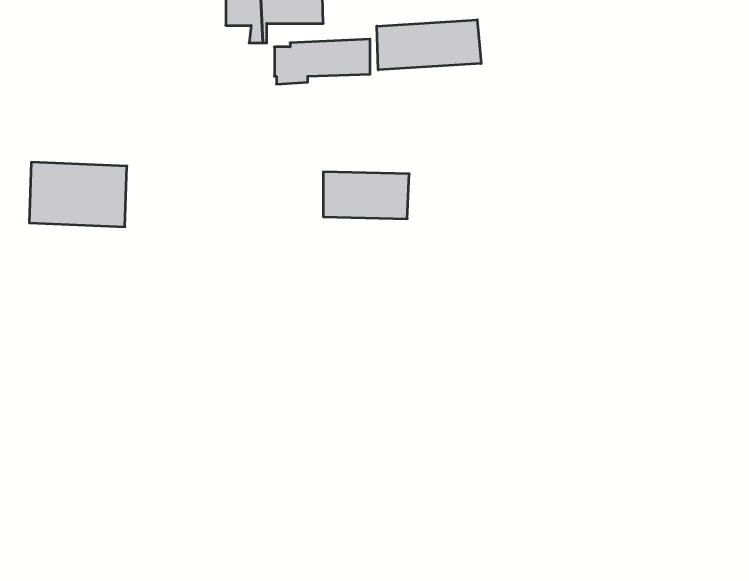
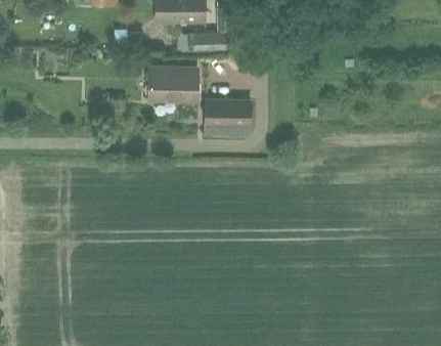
building: [377,20,481,70] -> none
building: [29,162,127,227] -> [148,67,200,100]

